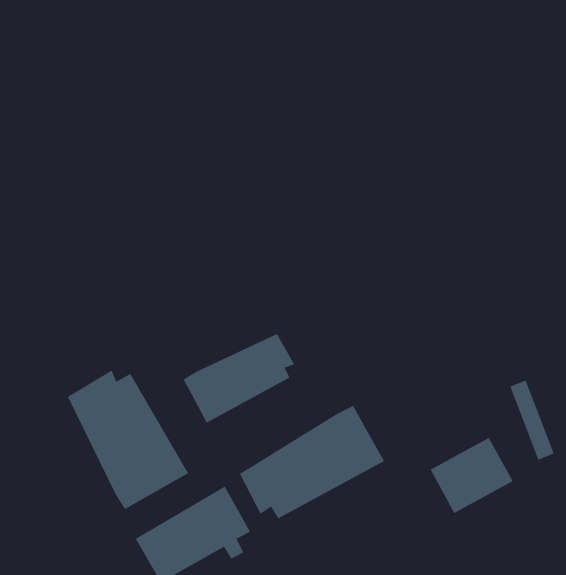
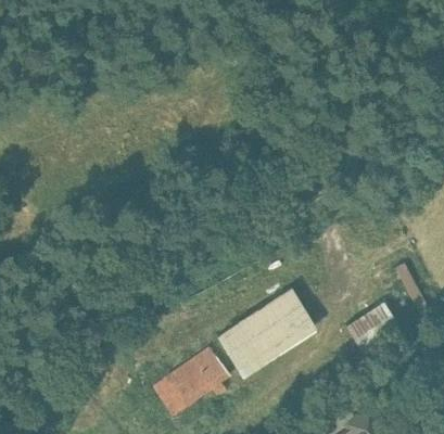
building: [183,333,295,423] -> none
building: [67,370,189,510] -> none

